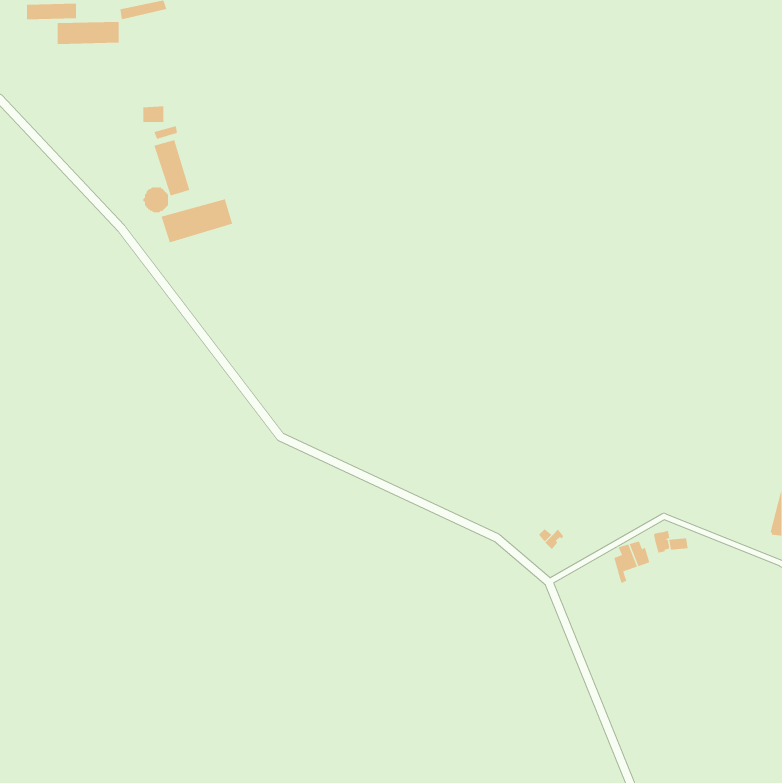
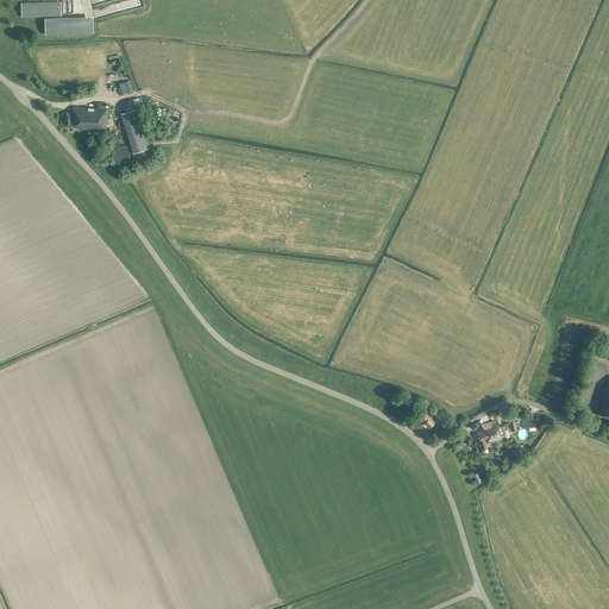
building: none -> [64,102,106,130]
building: [161,199,233,243] -> none

